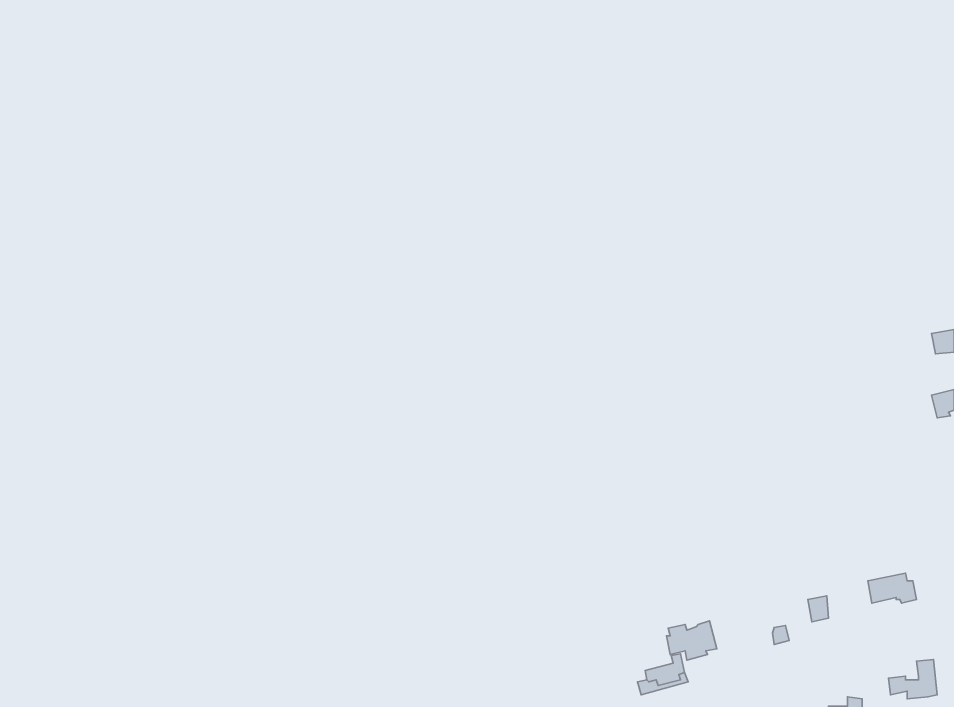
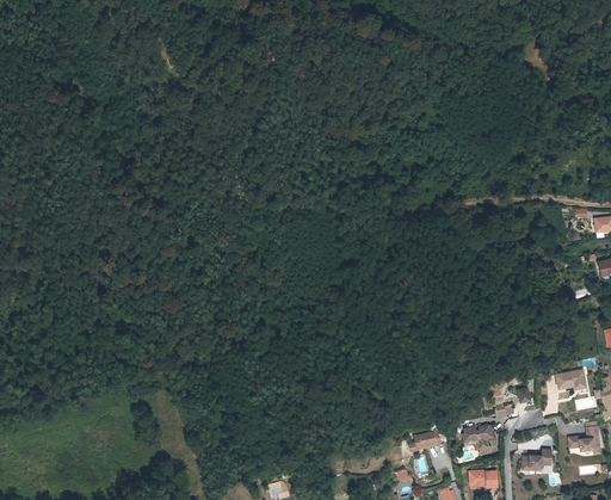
building: [666,621,717,660] -> [462,425,494,450]

